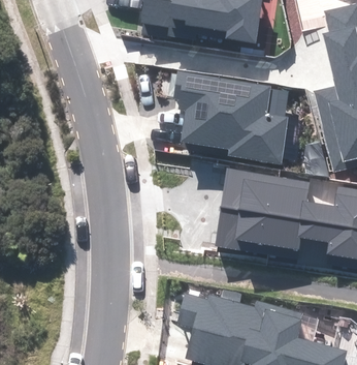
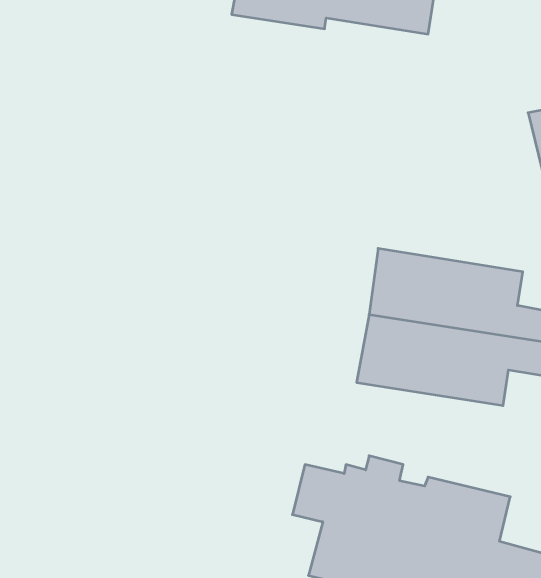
building: [173,70,288,163] -> none

